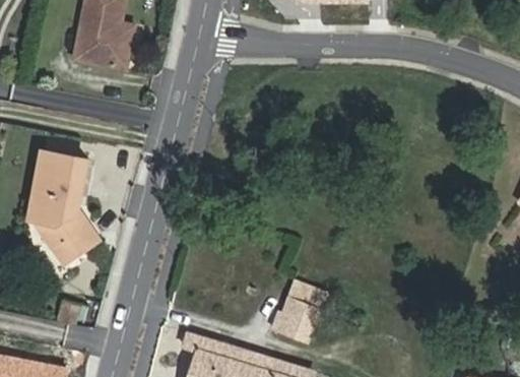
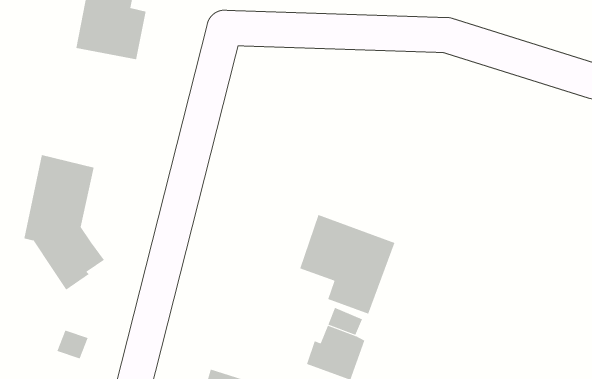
building: none -> [299,214,395,314]

